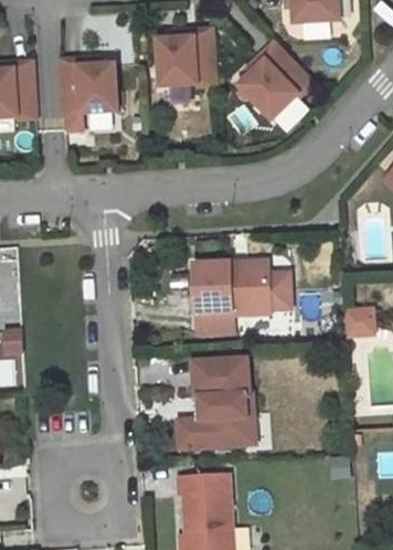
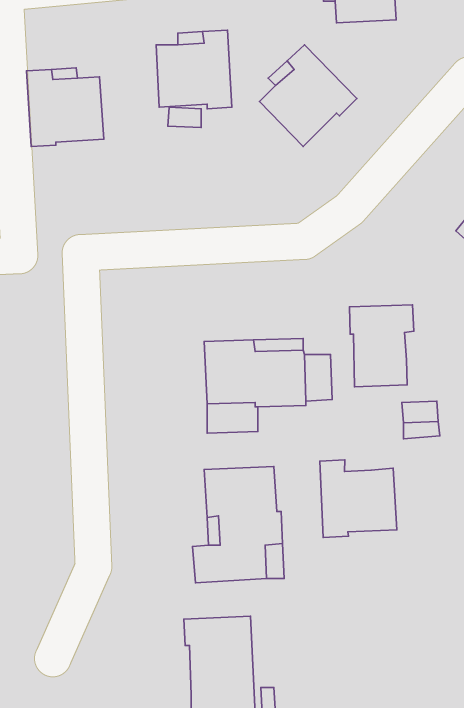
building: none -> [350,305,414,387]
building: none -> [320,460,397,537]

